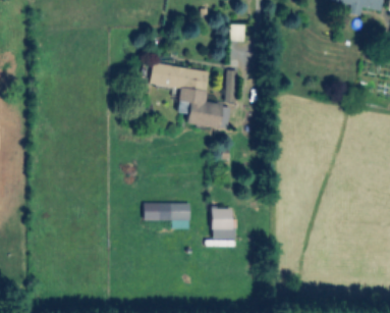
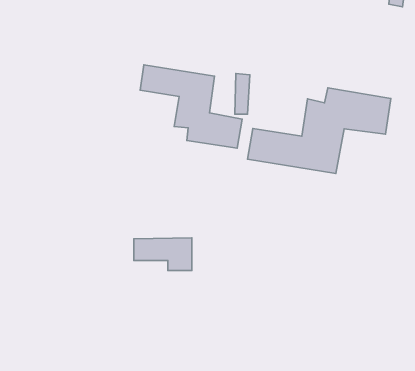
building: none -> [248,88,391,173]
building: [211,208,236,239] -> none

